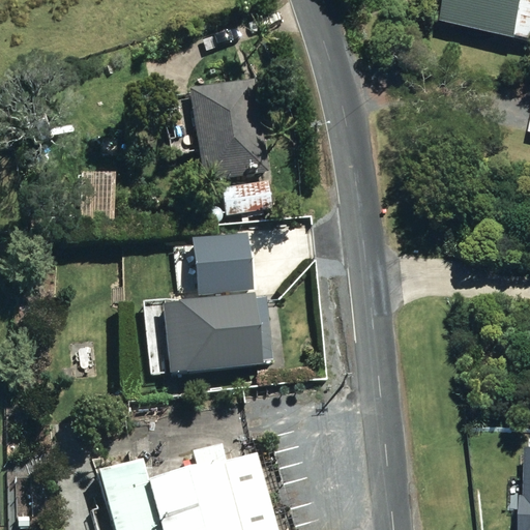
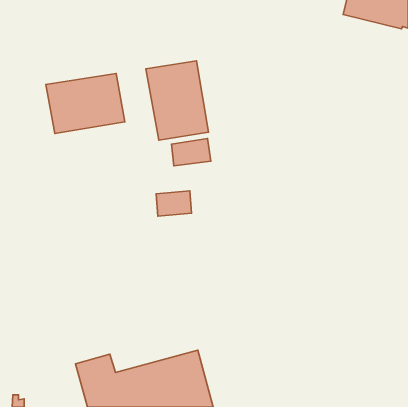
building: none -> [46,74,125,134]
building: [161,293,262,374] -> none

